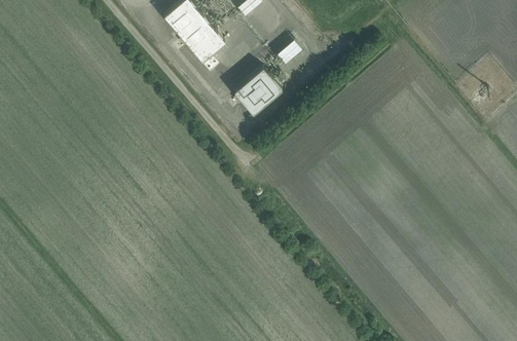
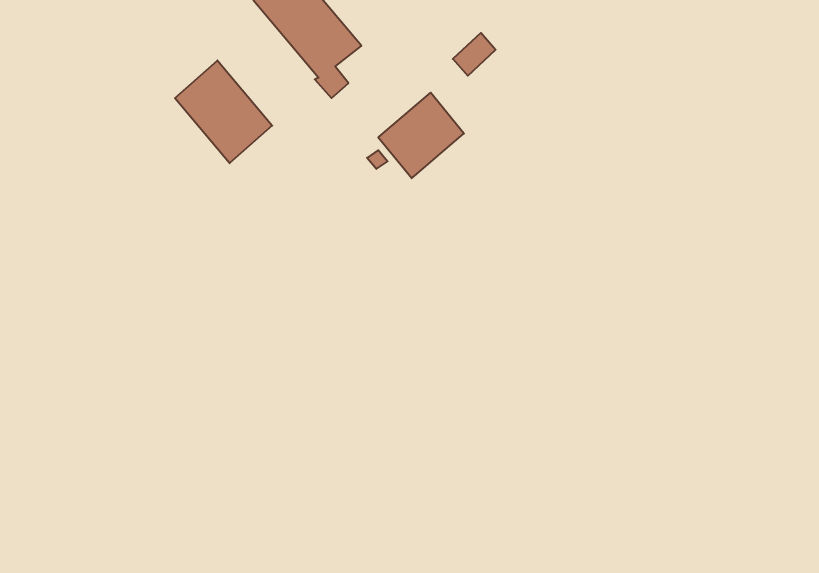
building: none -> [175,60,272,163]

